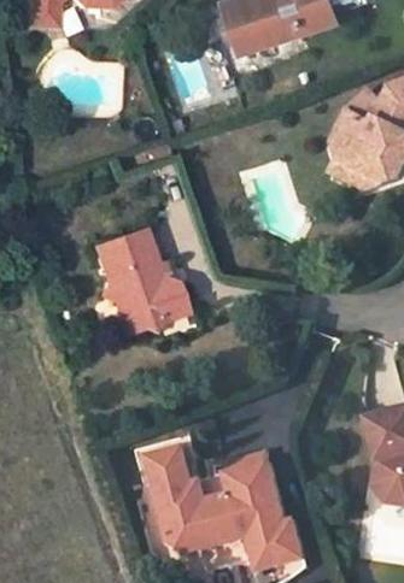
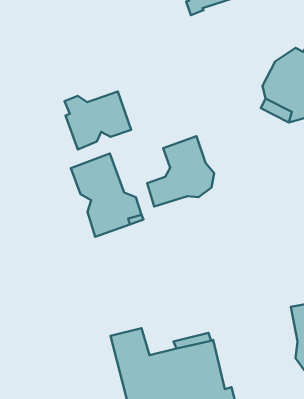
building: none -> [65,92,131,150]
building: none -> [147,136,214,207]

